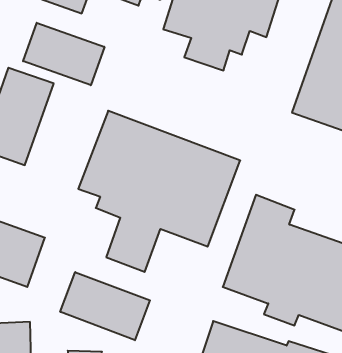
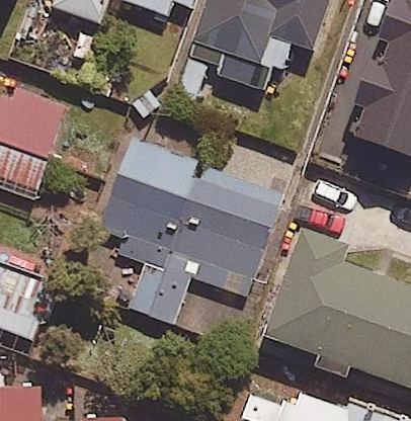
building: [23,23,104,85] -> none
building: [60,272,150,340] -> none

